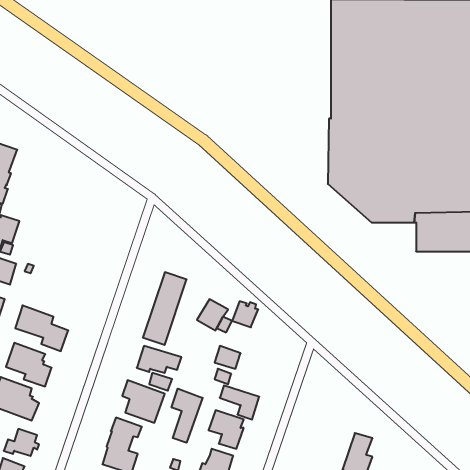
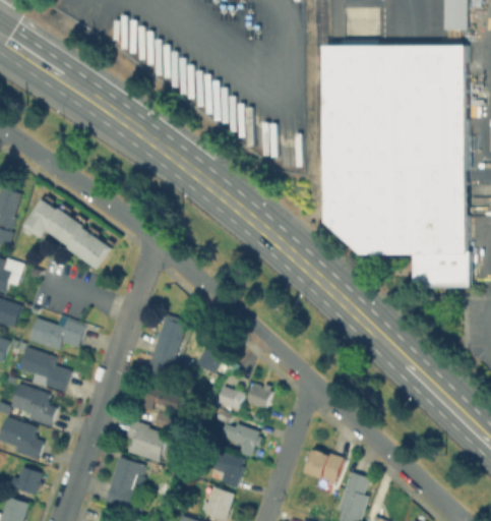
building: none -> [24,199,117,274]
building: none -> [28,314,85,349]
building: [232,301,258,327] -> [247,383,272,408]
building: [172,389,203,443] -> none
building: none -> [307,450,343,481]

